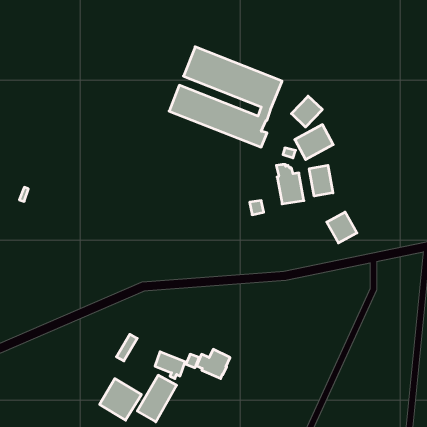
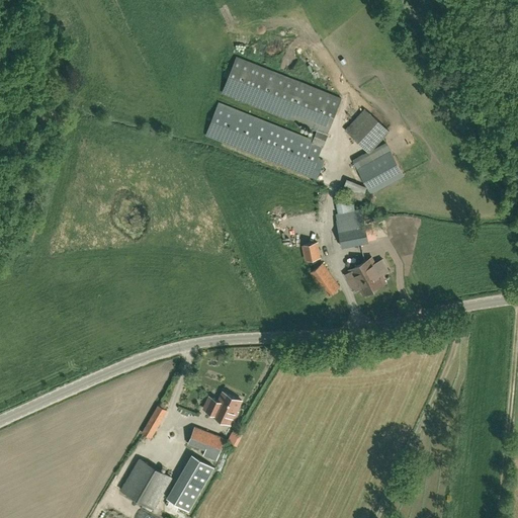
building: [309,165,333,196] -> none
building: [327,212,357,243] -> [348,257,384,294]
building: none -> [307,261,338,295]
building: [197,349,230,379] -> [201,390,242,425]

